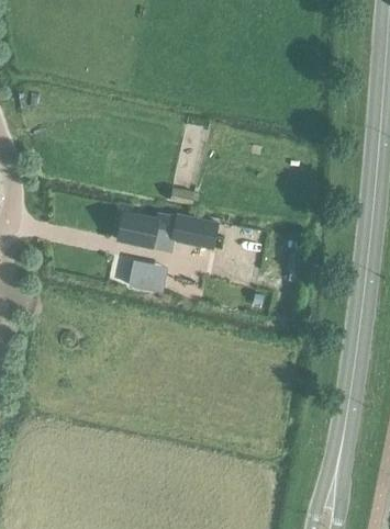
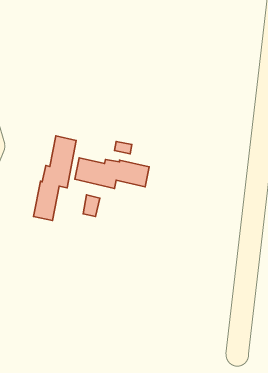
building: none -> [34,136,76,221]

